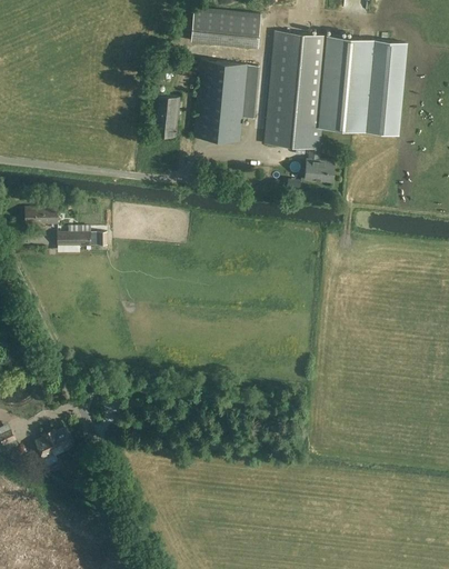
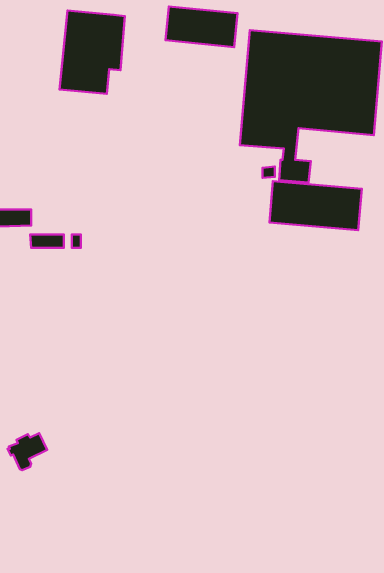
building: [194,61,259,143] -> [60,10,125,94]
building: [152,96,180,136] -> none
building: none -> [269,181,362,230]

